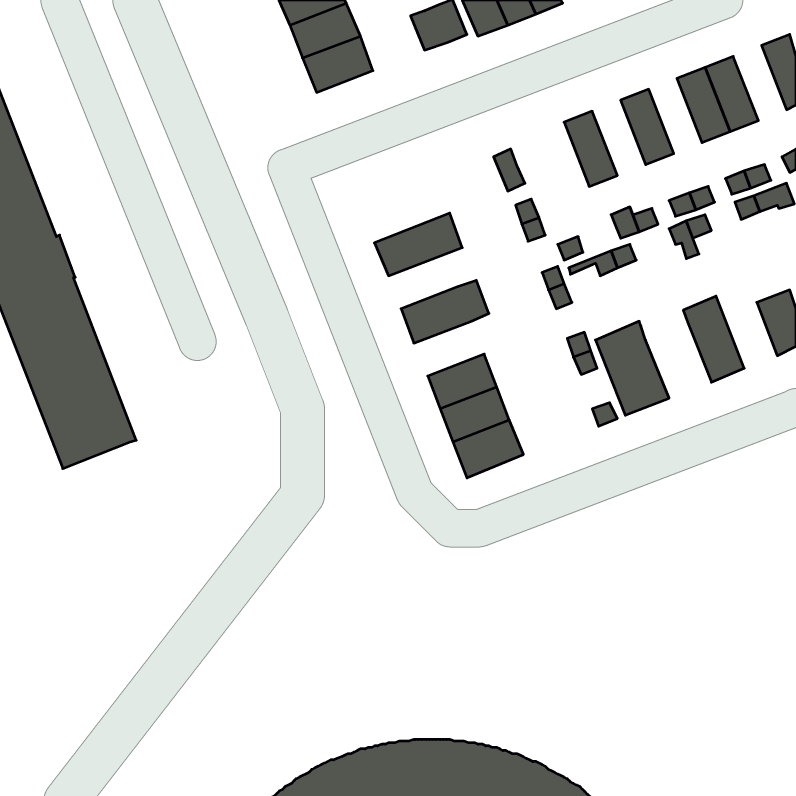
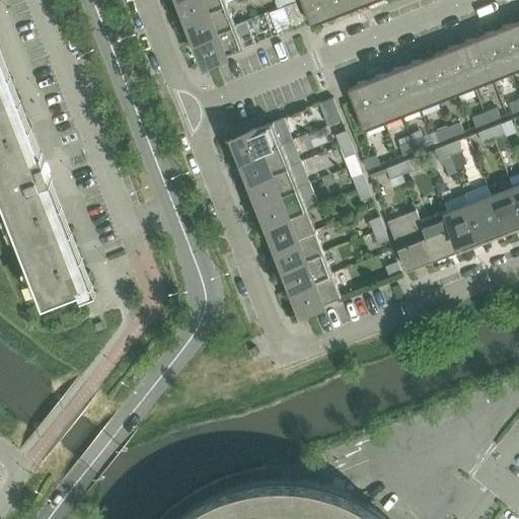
building: none -> [474,32,509,81]
building: none -> [420,54,454,102]
building: none -> [383,68,418,117]
building: none -> [346,82,381,132]
building: none -> [234,119,291,160]
building: none -> [251,163,308,203]
building: none -> [463,187,503,241]
building: none -> [268,211,313,246]
building: none -> [418,212,460,261]

